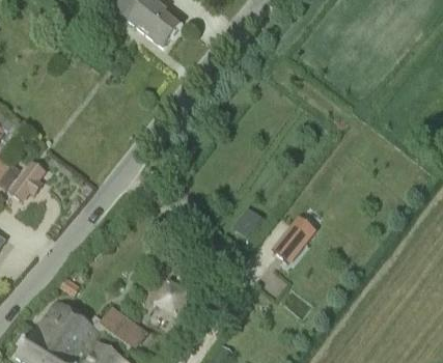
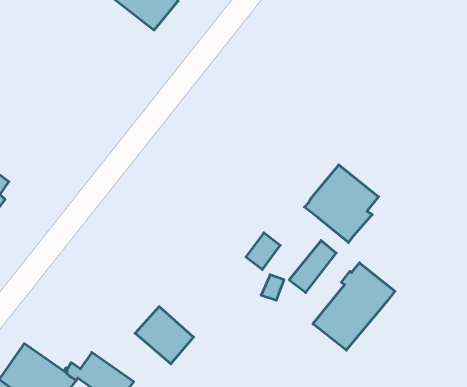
building: none -> [304,165,379,243]
building: none -> [313,263,395,350]

